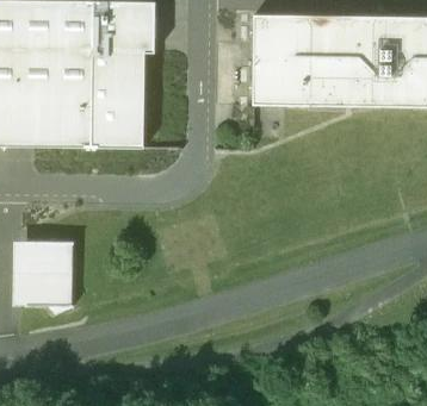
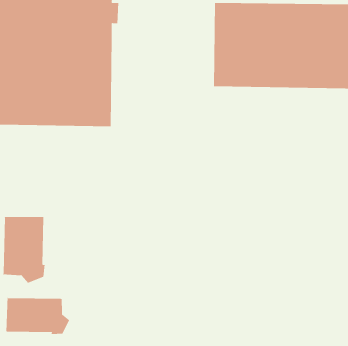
building: none -> [6,296,70,335]

